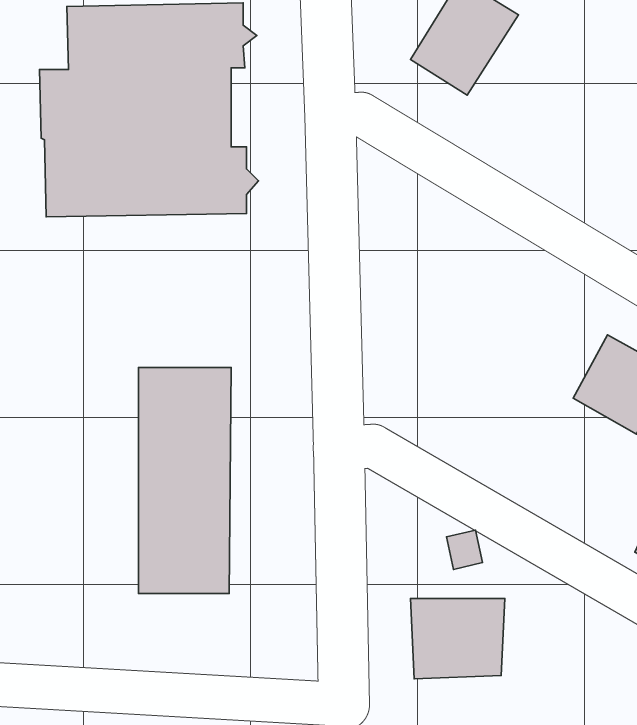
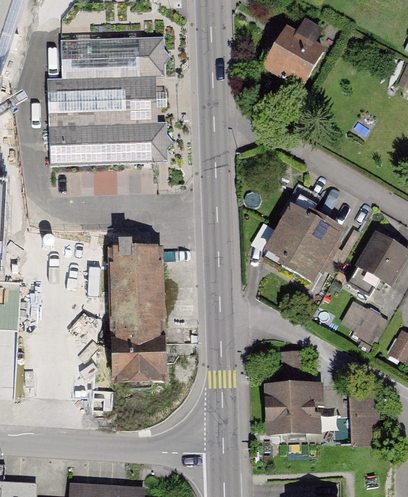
building: none -> [264,207,341,282]
building: none -> [347,302,388,339]
building: none -> [348,395,375,449]

